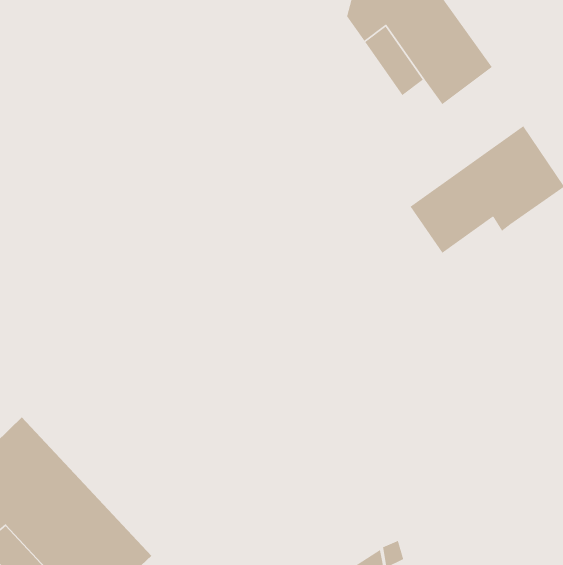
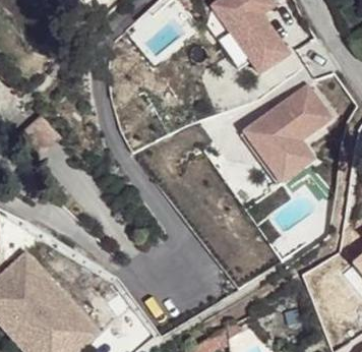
building: none -> [238,133,312,189]

